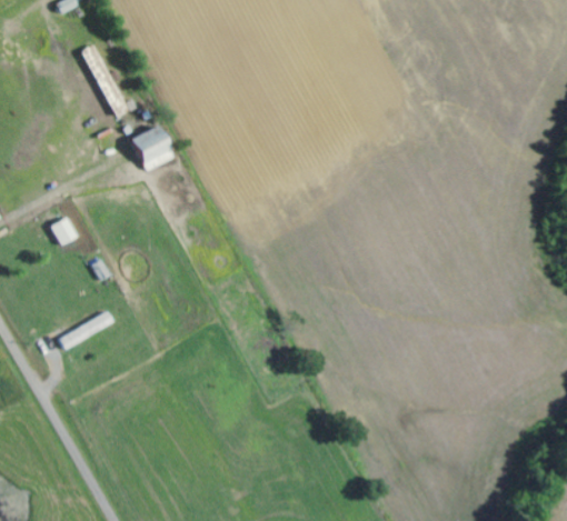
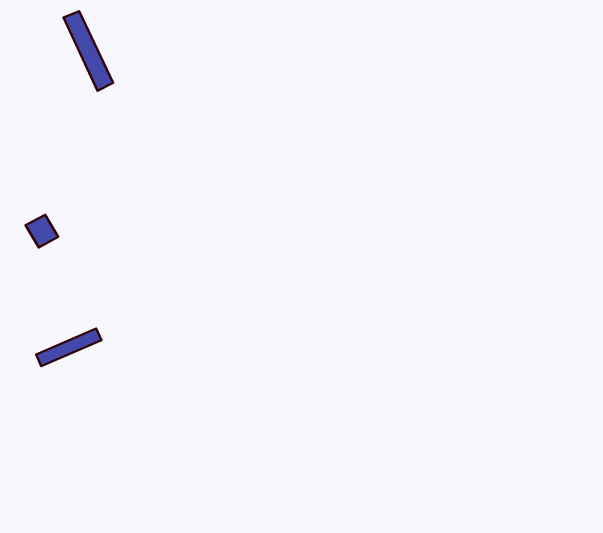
building: [131,124,175,171] -> none

